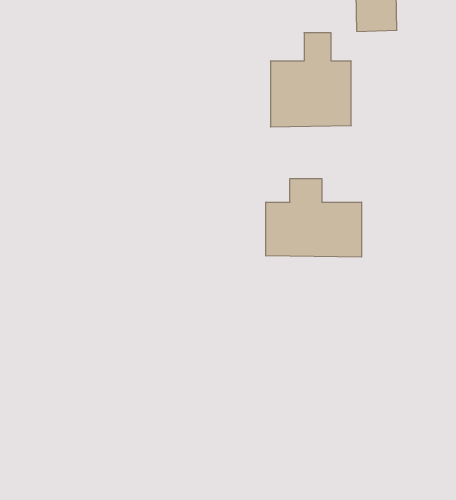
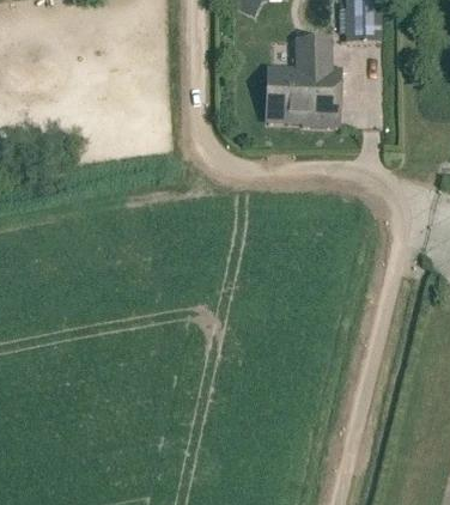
building: [266,179,362,257] -> none

